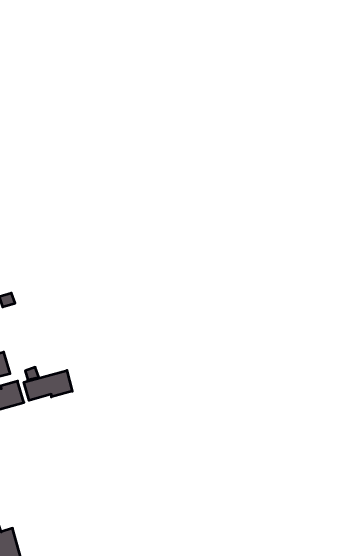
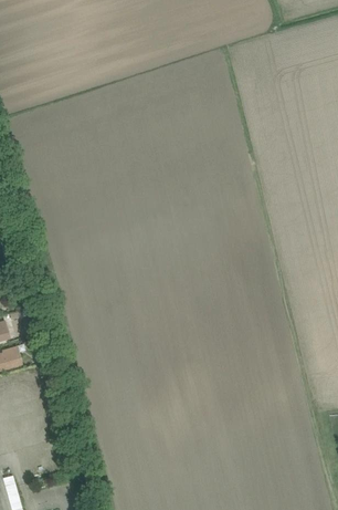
building: [24,370,72,400] -> none

